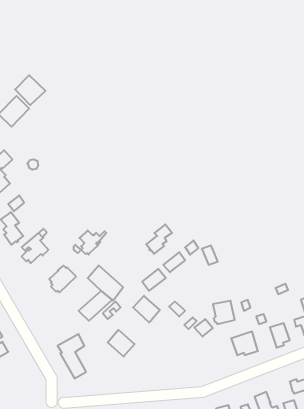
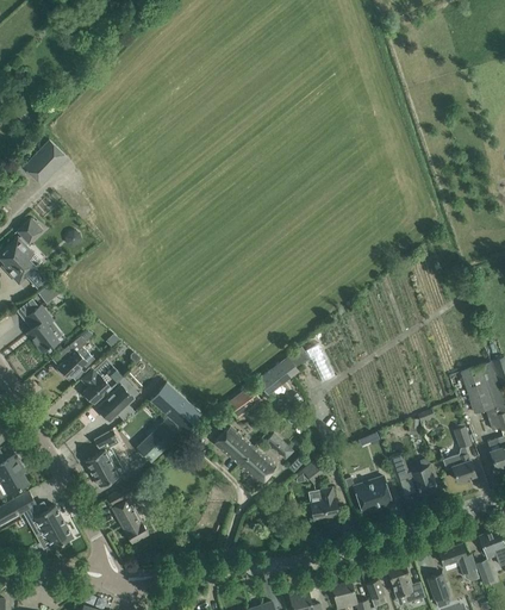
building: [15,75,45,105] -> none
building: [146,224,172,254] -> none
building: [79,230,106,255] -> [81,369,119,404]
building: none -> [86,429,120,487]
building: [213,301,235,324] -> [307,487,338,521]
building: [108,330,135,357] -> [237,446,275,484]
building: none -> [35,506,73,548]

